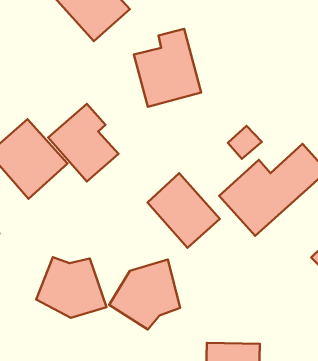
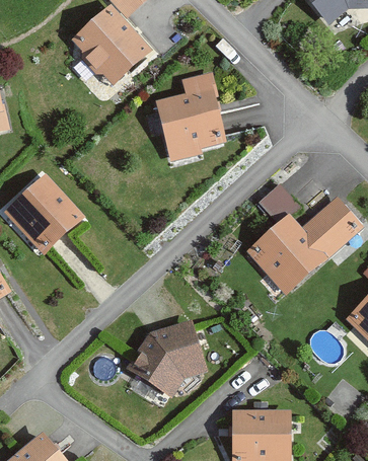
building: [48,104,119,182] -> none
building: [147,173,220,248] -> none
building: [36,257,106,318] -> none

